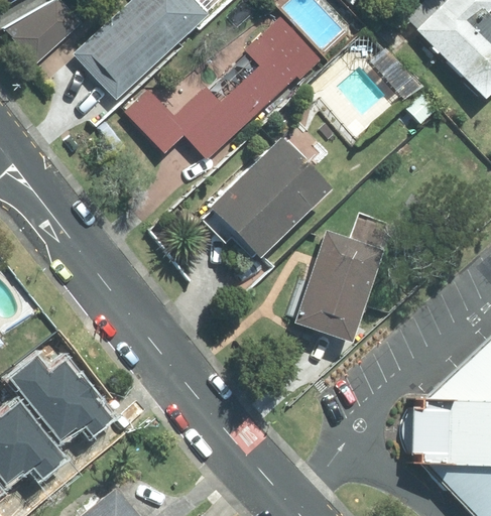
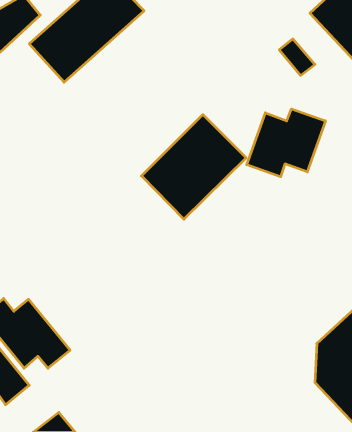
building: [124,18,319,157] -> none
building: none -> [247,109,325,177]
building: [290,227,381,344] -> none

